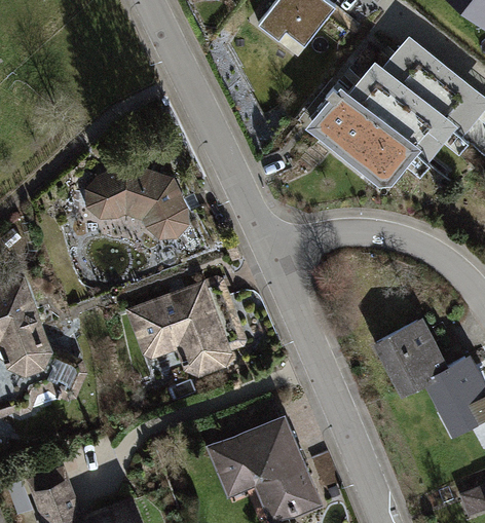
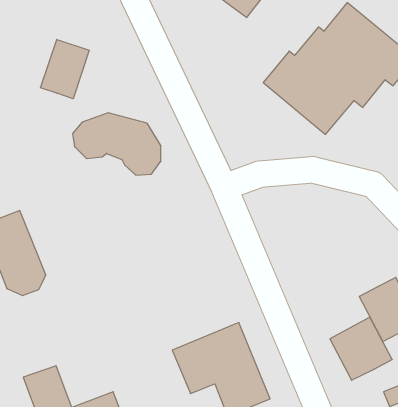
building: none -> [41,39,89,99]
building: [126,283,231,379] -> none
building: [374,322,448,397] -> [330,317,392,380]

